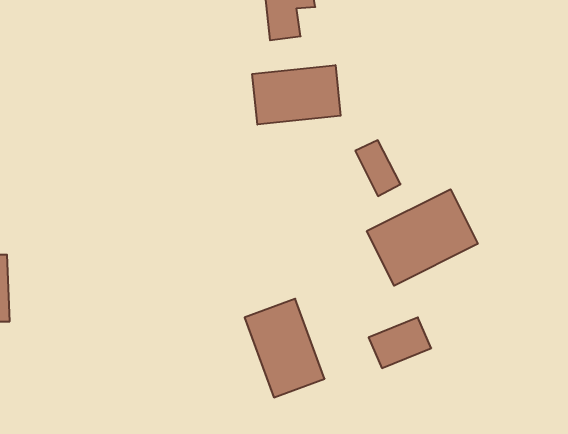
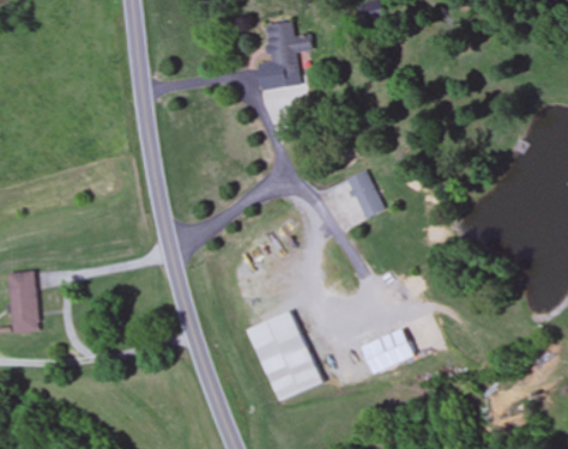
building: [252,65,341,125] -> none
building: [367,189,478,286] -> none

